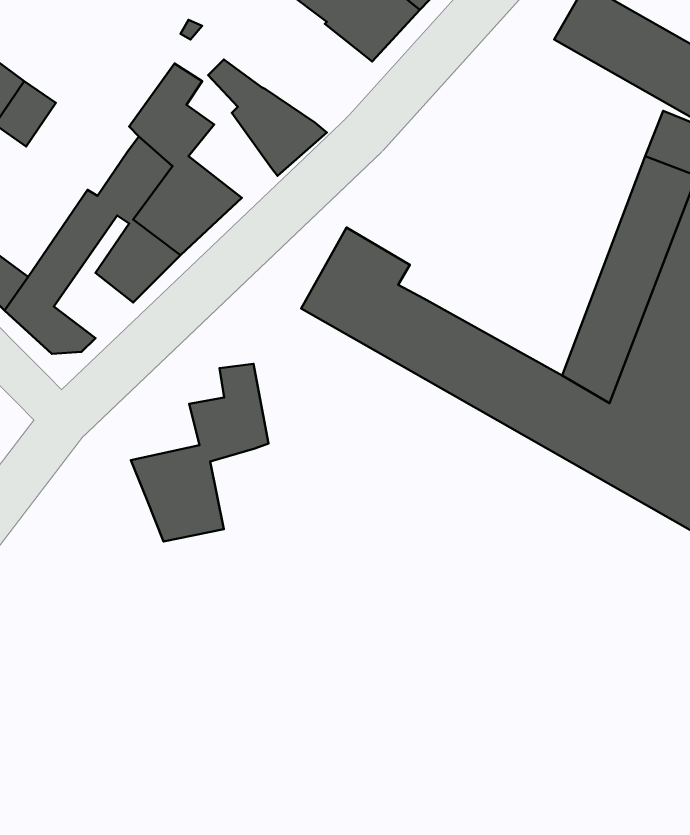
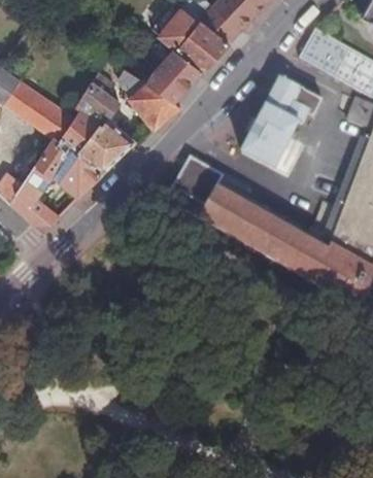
building: none -> [145,49,203,102]
building: none -> [240,78,321,169]
building: none -> [23,92,75,140]
building: [131,364,269,541] -> none

